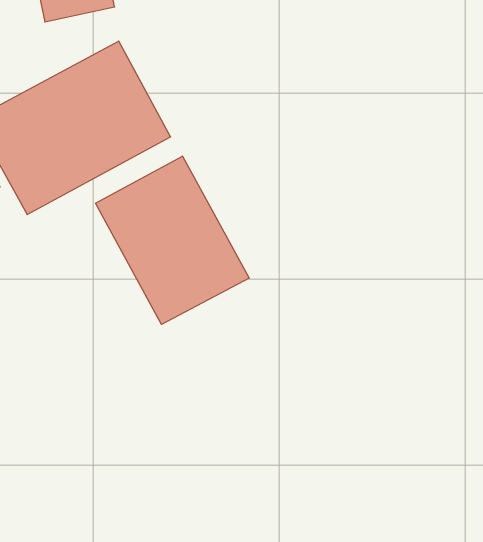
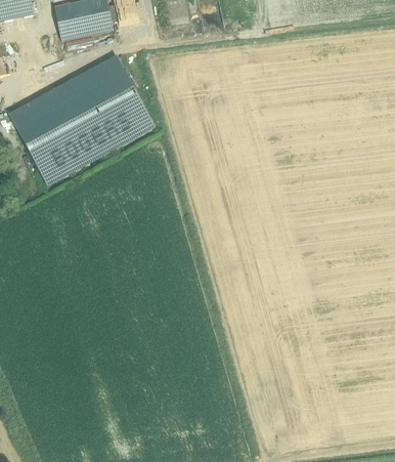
building: [96,156,249,324] -> none

